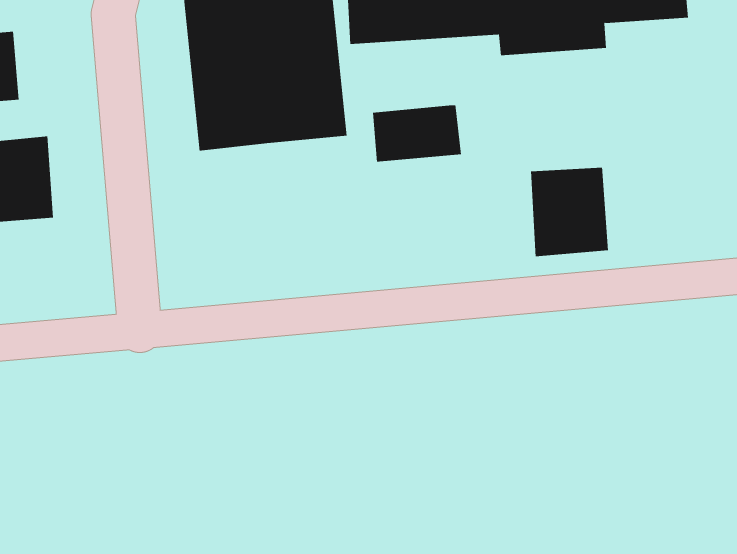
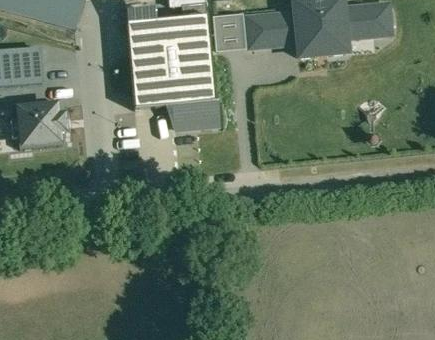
building: [372,105,462,162] -> [172,100,219,130]
building: [531,167,608,257] -> none

